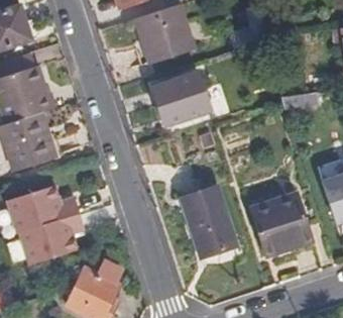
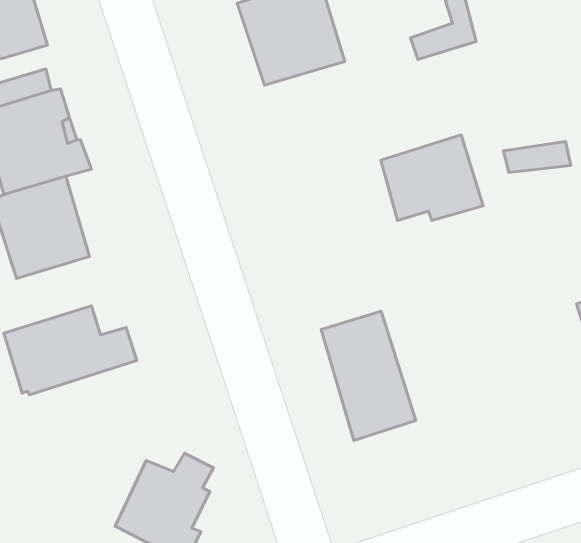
building: [142,75,199,122] -> [381,135,483,220]
building: [251,194,308,257] -> none
building: [20,214,85,263] -> none

